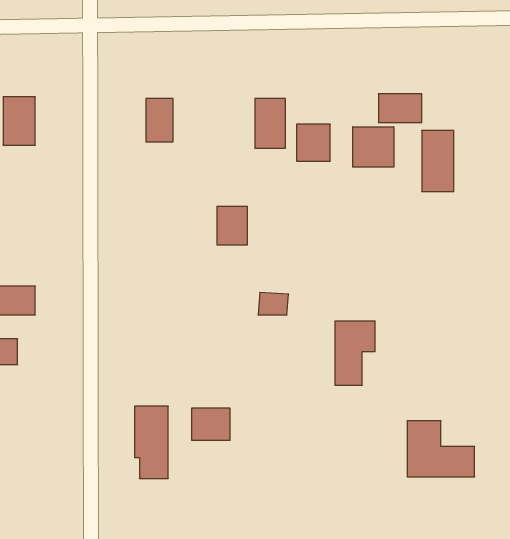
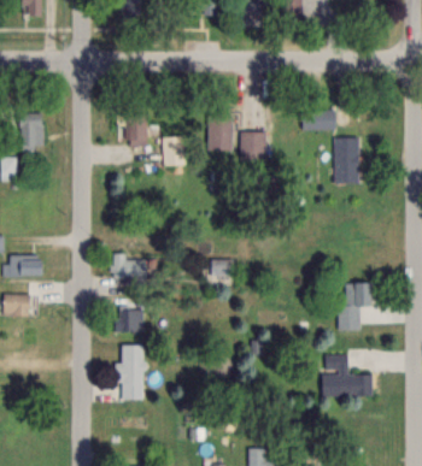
building: [353,127,394,167] -> none
building: [217,206,247,245] -> [163,136,186,165]
building: none -> [112,255,148,277]
building: [335,321,375,385] -> [340,283,370,331]
building: [192,408,230,440] -> [117,307,146,331]

